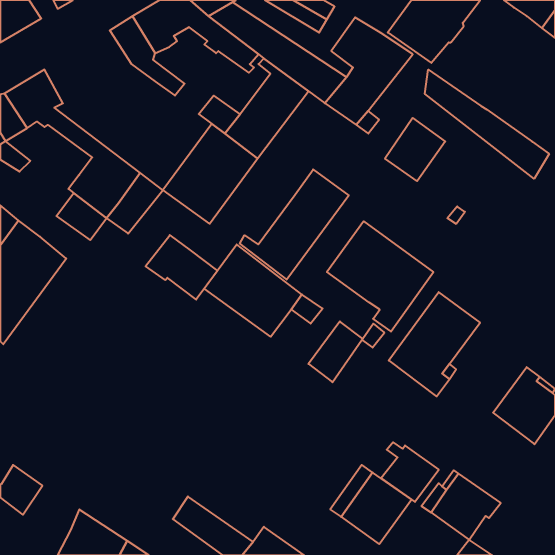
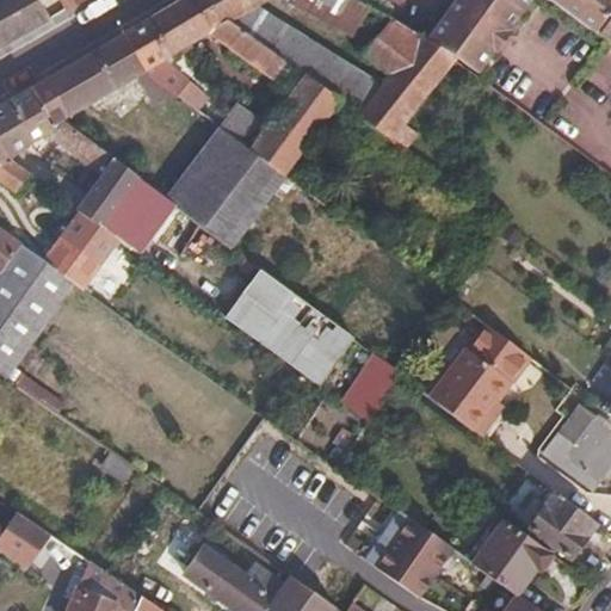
building: none -> [49,33,171,113]
building: [425,70,549,179] -> none
building: [385,118,445,181] -> none
building: [240,169,349,280] -> none
building: none -> [44,237,99,289]
building: [327,221,433,332] -> none
building: [146,235,217,300] -> none
building: [381,442,439,502] -> [532,492,595,557]

